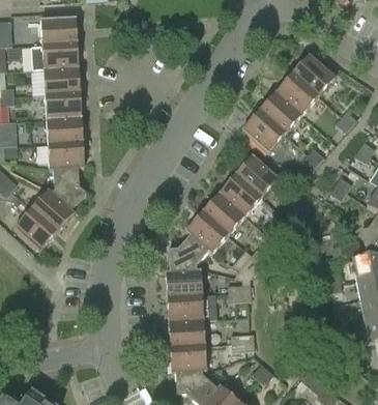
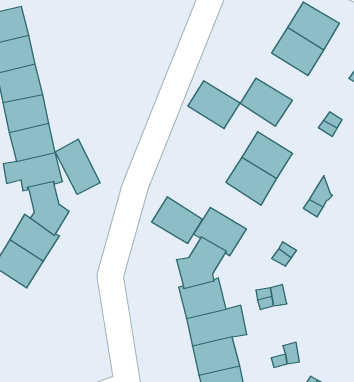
building: [259,90,302,133] -> [188,81,240,129]
building: none -> [55,139,100,194]
building: [203,191,245,232] -> [152,197,203,243]

